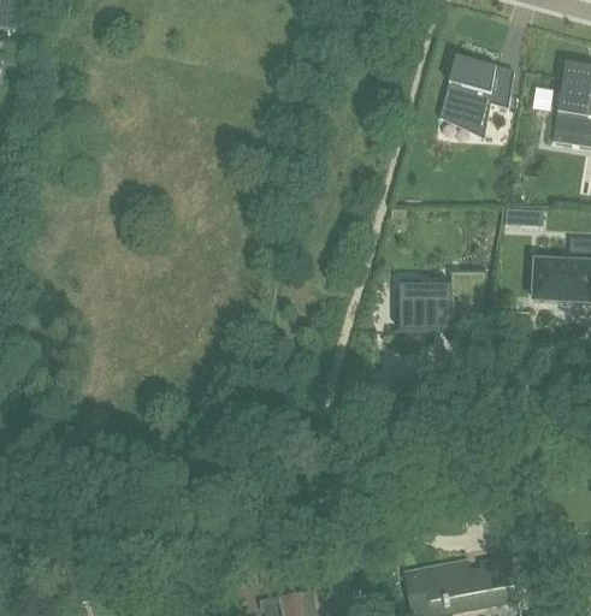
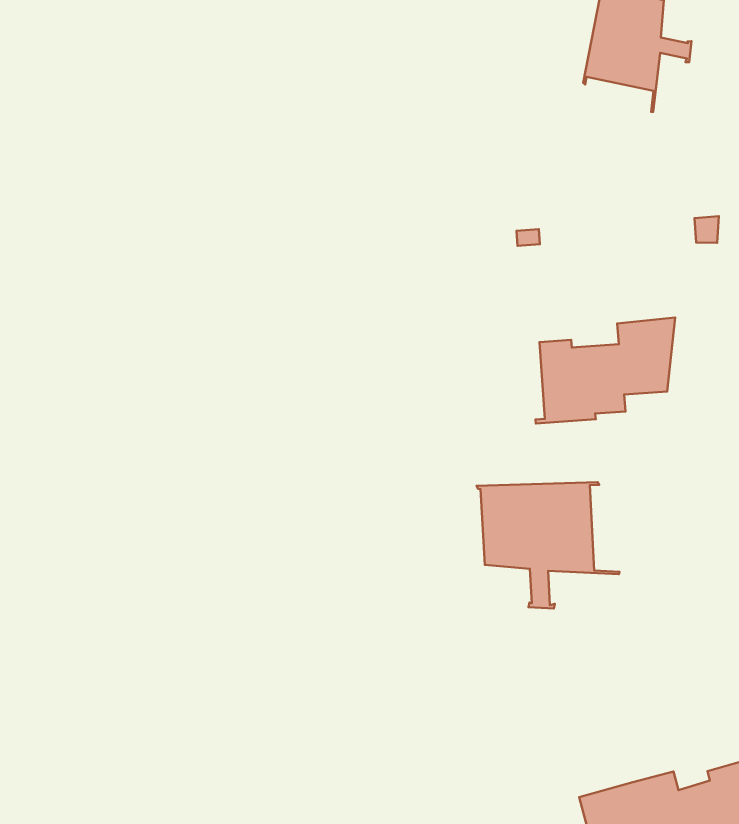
building: none -> [476,482,619,608]

